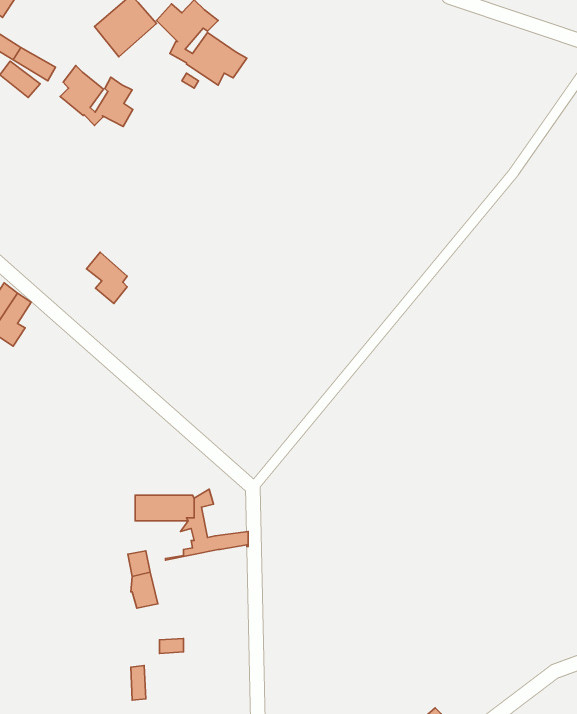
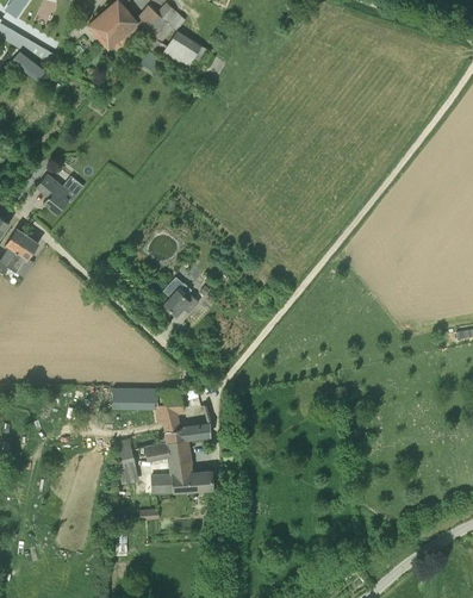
building: [60,66,133,126] -> none
building: [87,252,127,303] -> [37,173,69,213]
building: none -> [163,276,200,314]
building: none -> [145,437,213,493]

